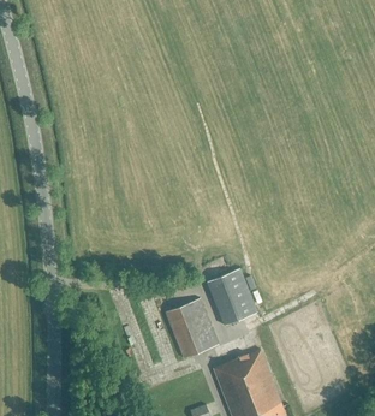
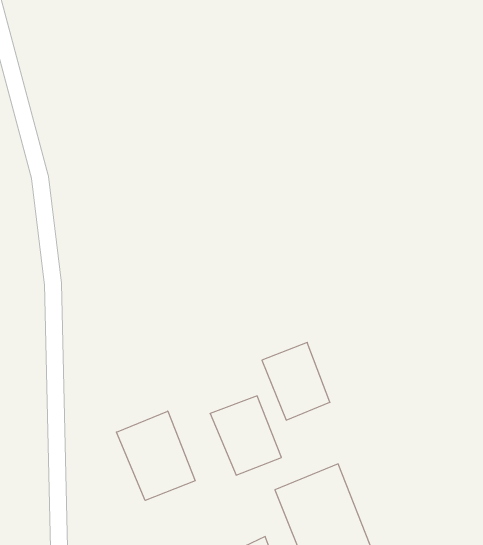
building: none -> [116,411,195,500]

